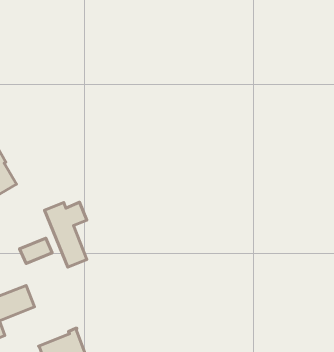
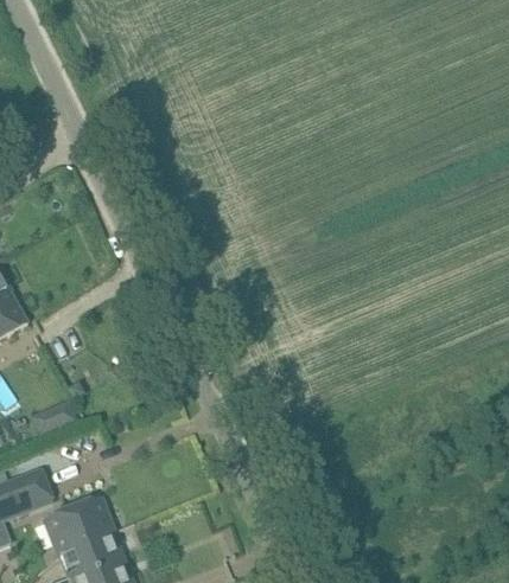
building: [45,202,87,267] -> none
building: none -> [44,496,114,557]

